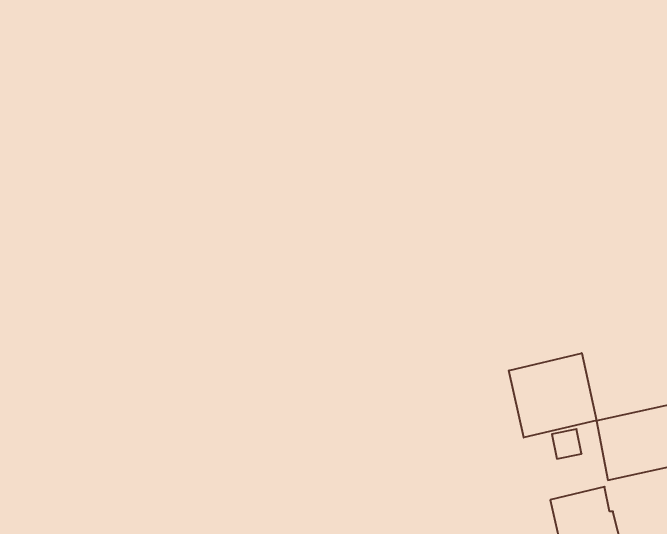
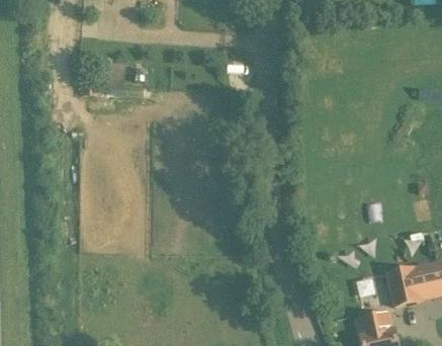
building: [509,353,597,438] -> none

